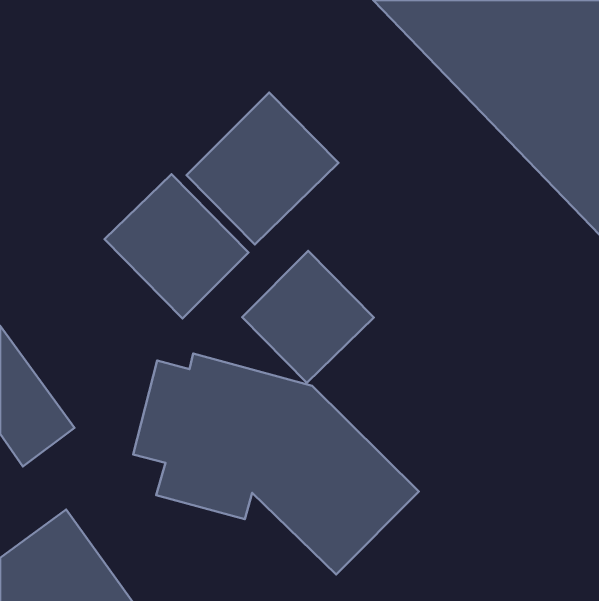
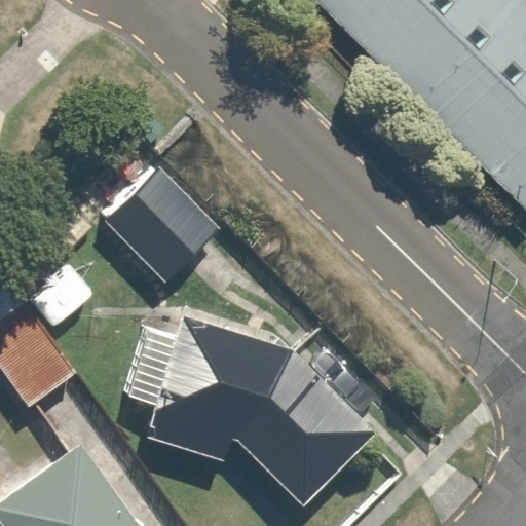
building: [187,93,338,245] -> none
building: [242,251,374,383] -> none

